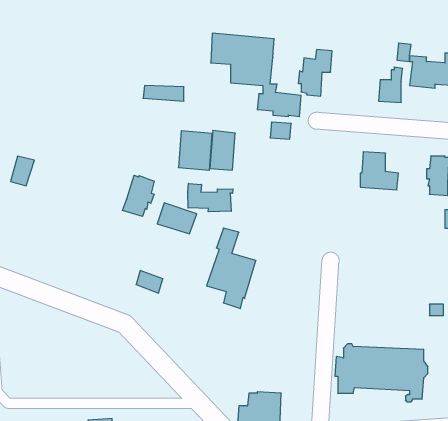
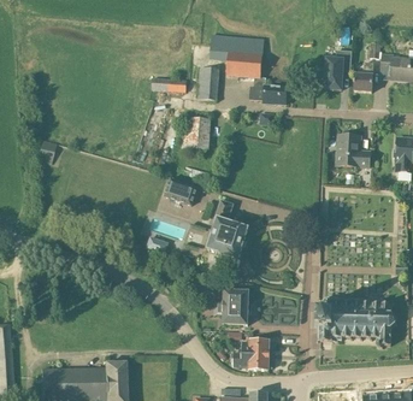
building: [298,50,332,96] -> [321,51,350,90]
building: [210,130,235,170] -> [197,66,219,100]
building: [122,175,154,216] -> none
building: [188,183,233,212] -> none
building: none -> [218,290,248,325]

